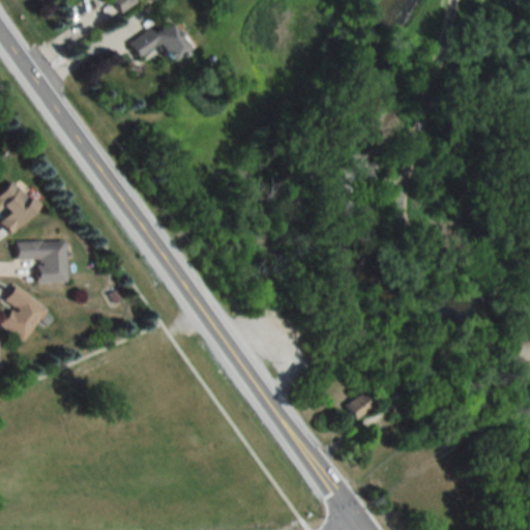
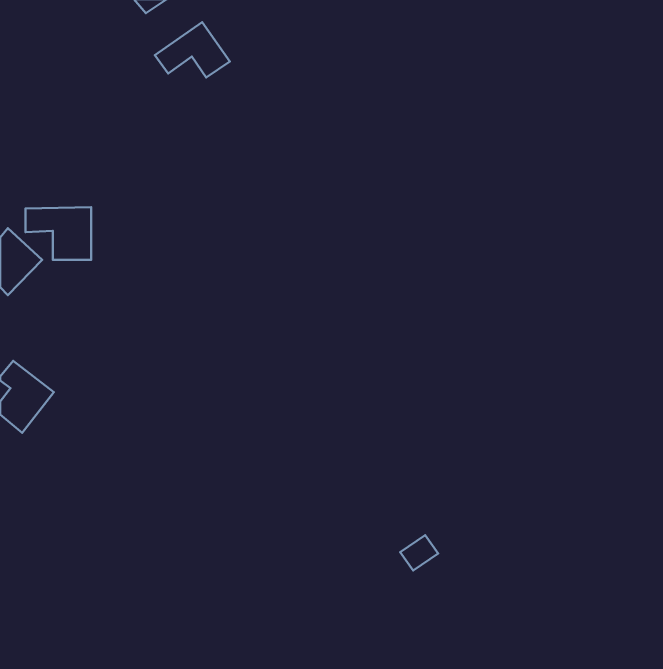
building: [17,240,68,282] -> [25,207,91,260]
building: [345,391,375,419] -> [400,535,438,571]

